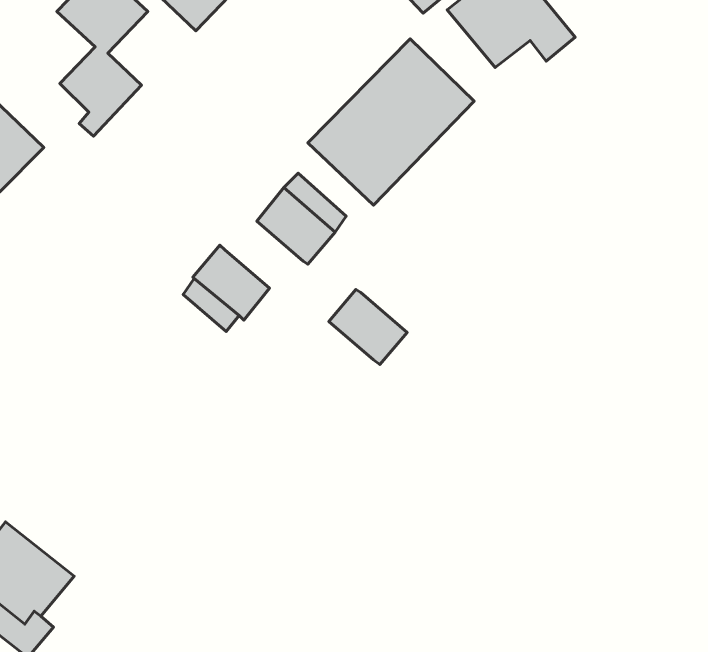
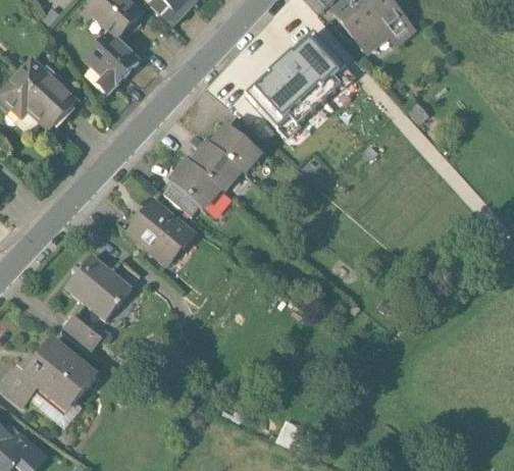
building: [329,289,407,365] -> [192,144,242,192]
building: none -> [127,200,196,262]
building: none -> [66,254,133,318]
building: none -> [61,314,100,351]

